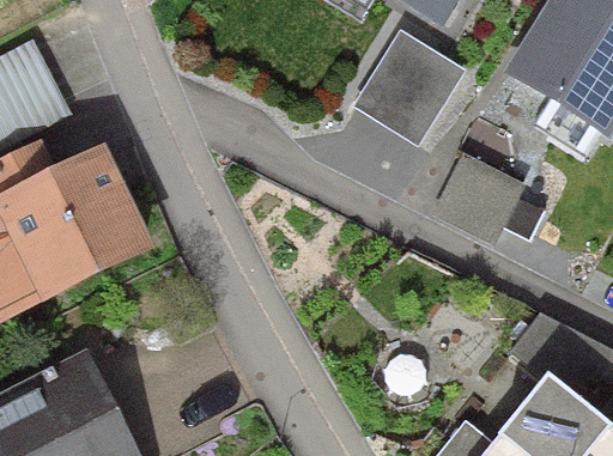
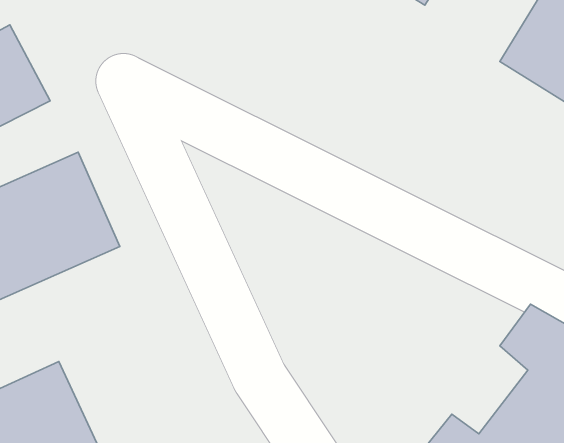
building: [352,26,465,142] -> none
building: [433,153,526,243] -> none

